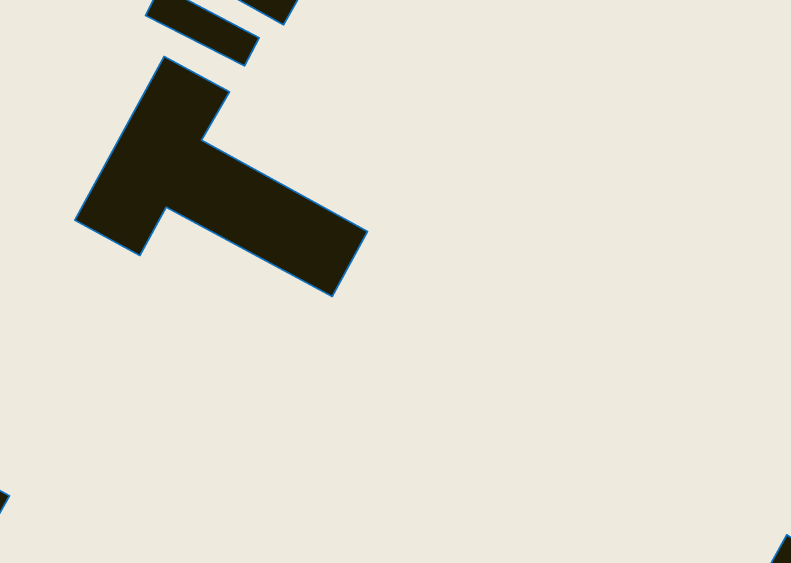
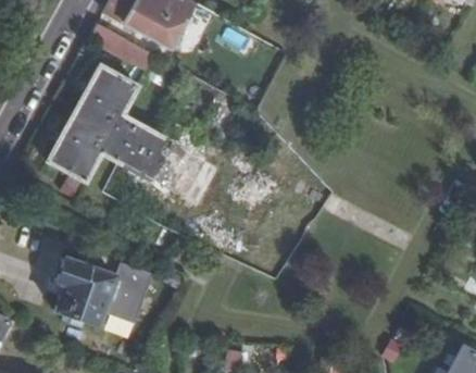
building: none -> [54,256,149,323]

